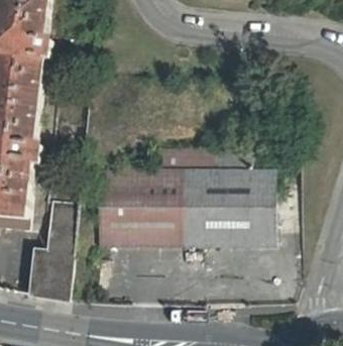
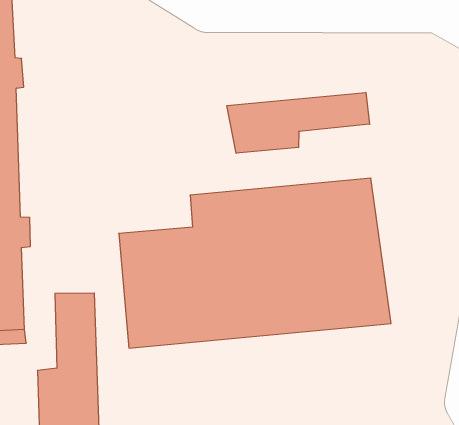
building: none -> [227,92,370,153]

